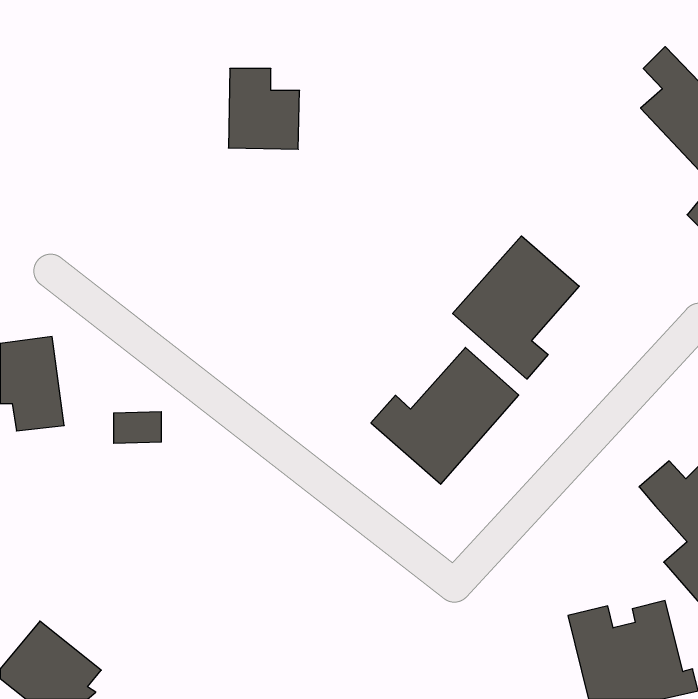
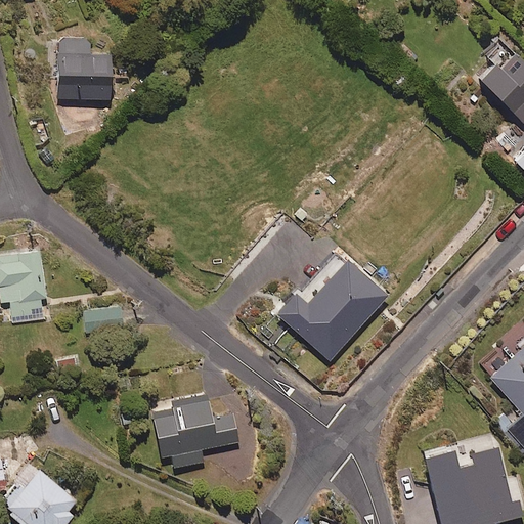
building: [228,69,300,149] -> [58,40,112,100]
building: [453,236,579,379] -> none
building: none -> [152,394,238,469]

